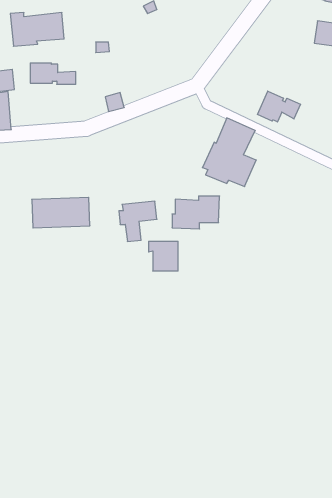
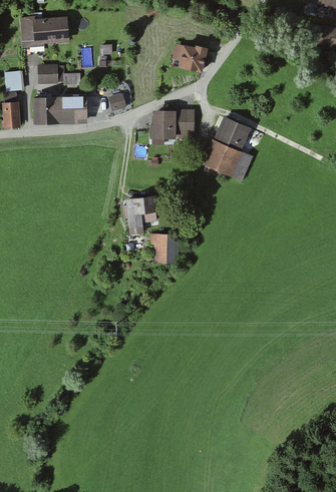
building: none -> [172,43,208,74]
building: [257,91,300,122] -> none
building: [172,196,220,229] -> [149,108,195,139]
building: [32,197,90,228] -> [32,96,87,125]

